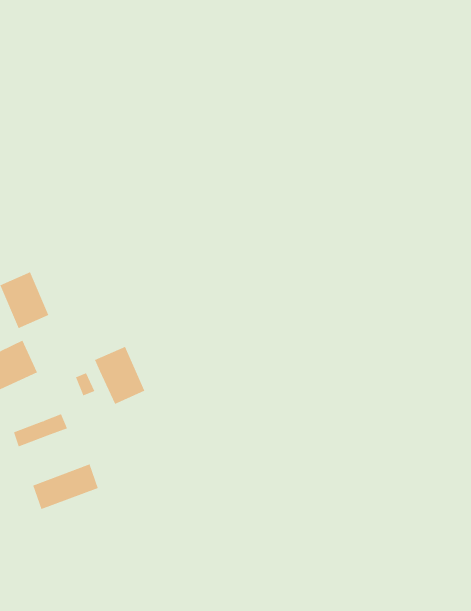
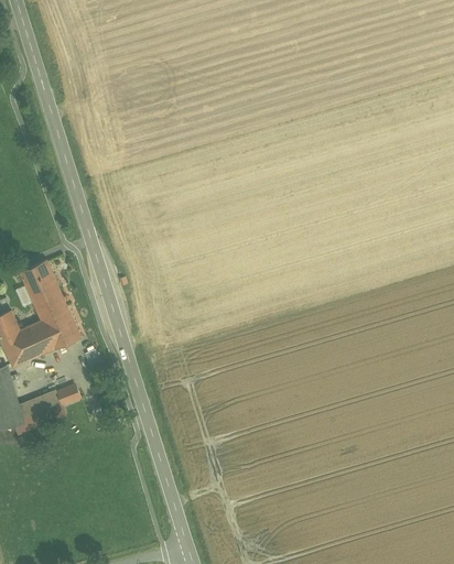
building: [94,346,145,405] -> [35,299,80,350]
building: [32,464,99,510] -> none

